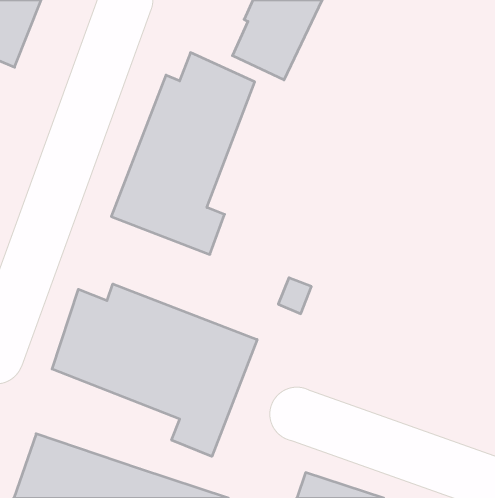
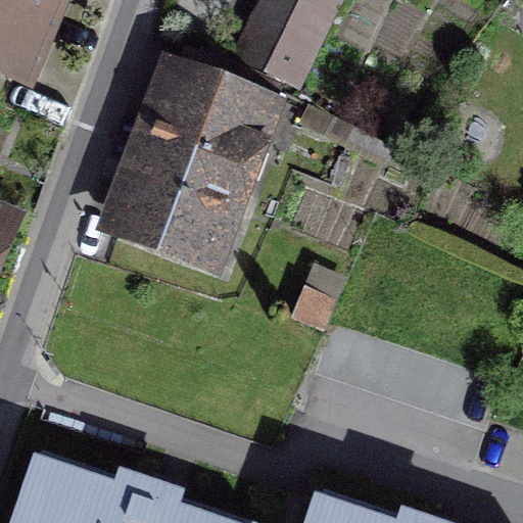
building: [52,284,257,456] -> none

